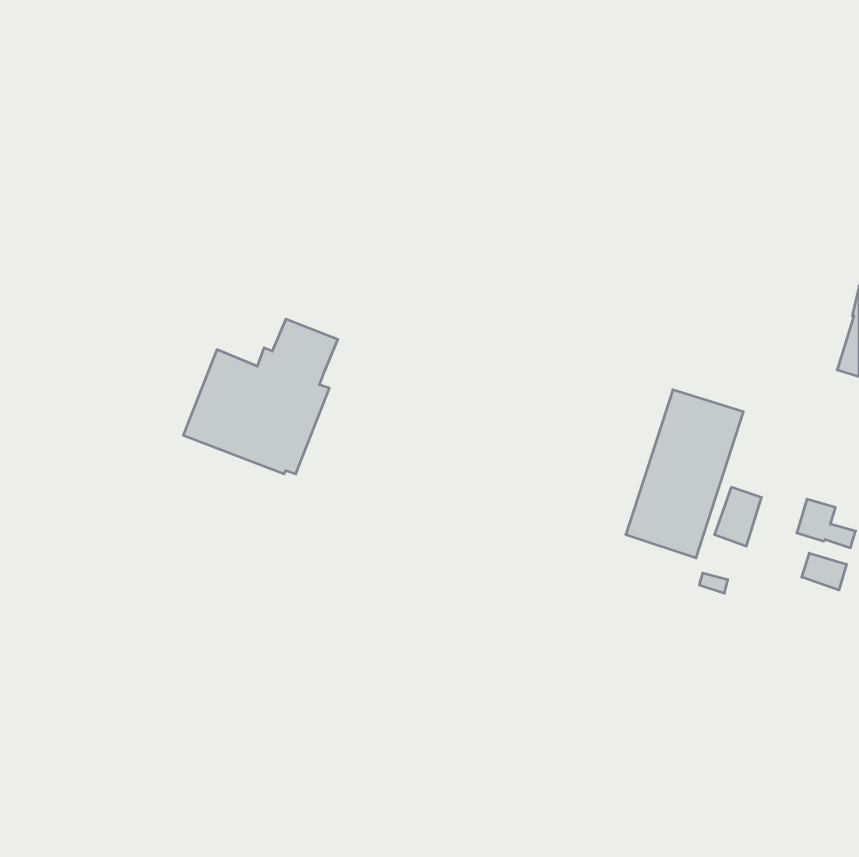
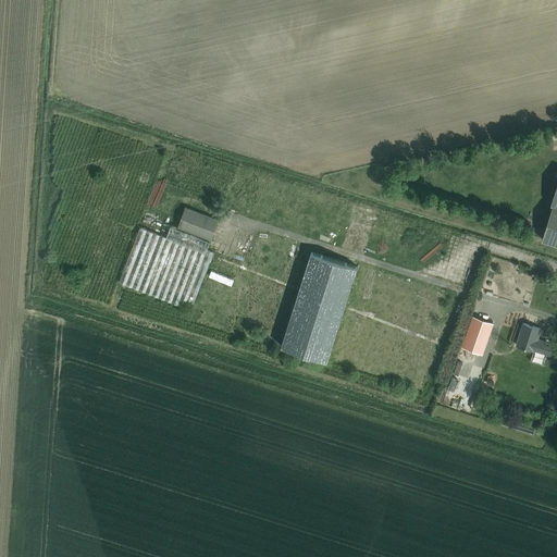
building: [626,390,743,558] -> [281,253,357,362]
building: [802,553,846,590] -> none

